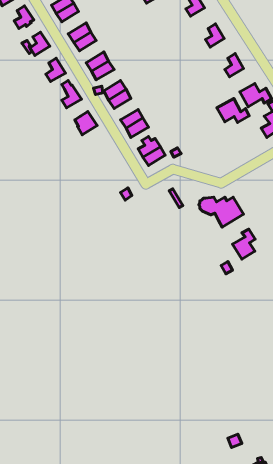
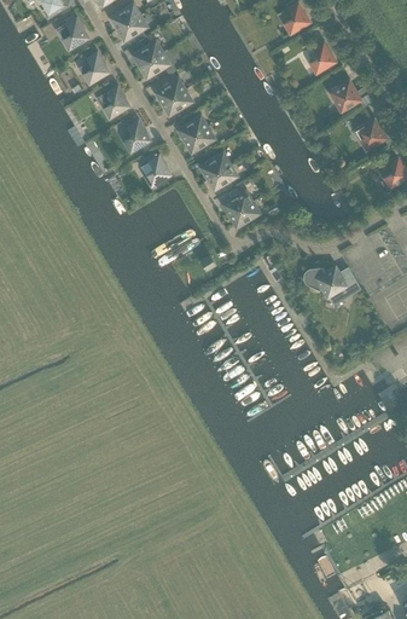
building: [217,98,249,123] -> none
building: [232,229,255,259] -> none

